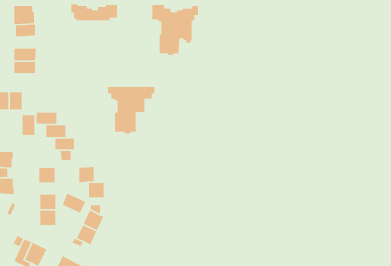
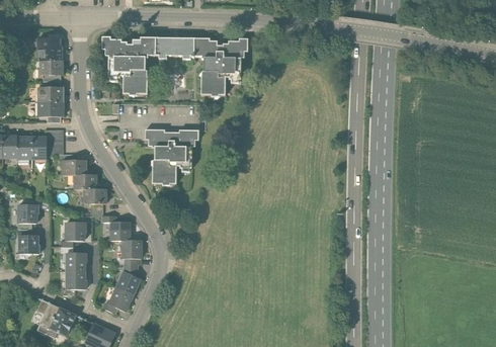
building: none -> [156,37,194,58]
building: none -> [108,57,148,94]
building: [22,115,35,136] -> [48,129,63,154]
building: [62,192,86,214] -> none

